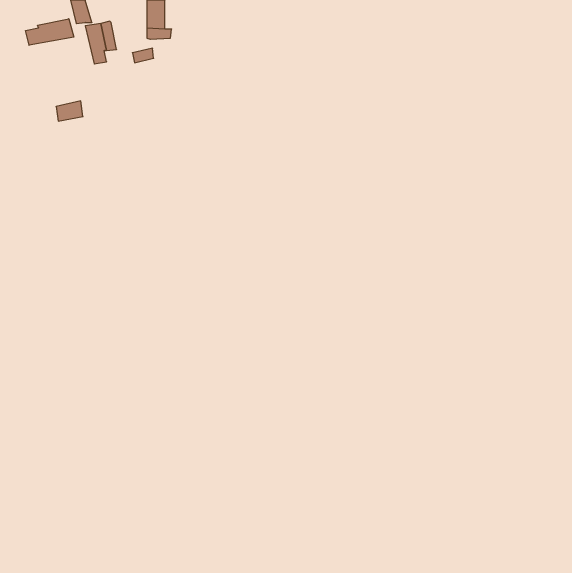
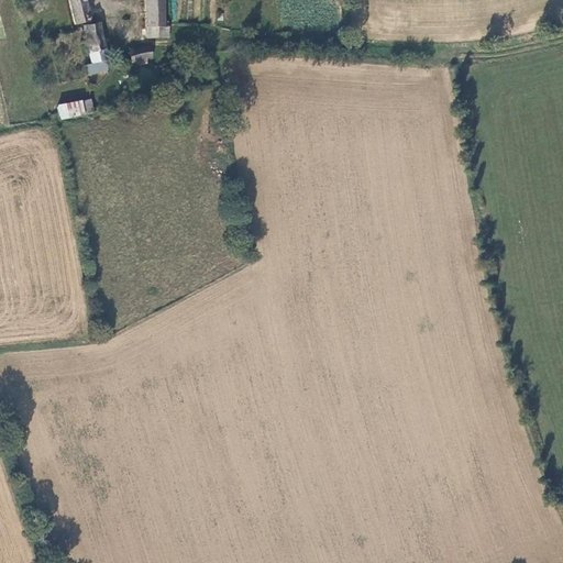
building: [26,19,74,45] -> none

